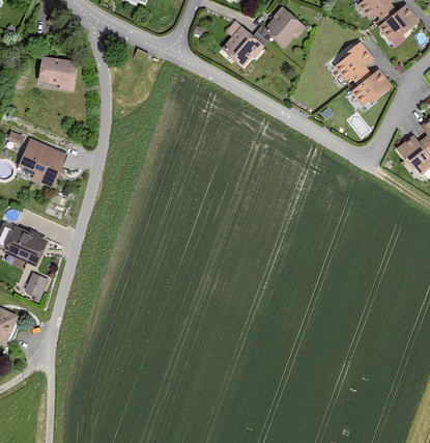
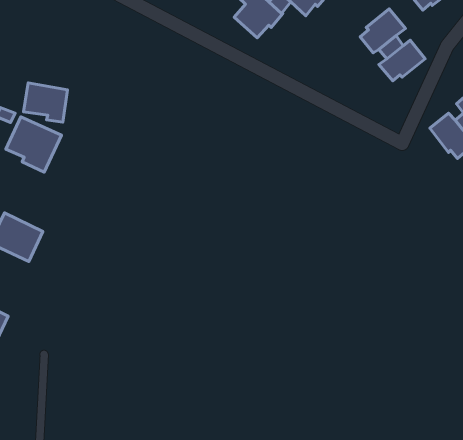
building: [37,56,77,91] -> [23,83,67,122]
building: [24,270,50,298] -> none

